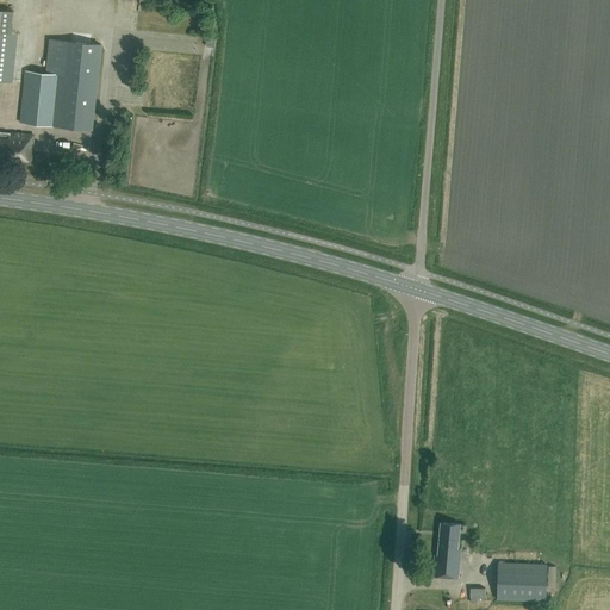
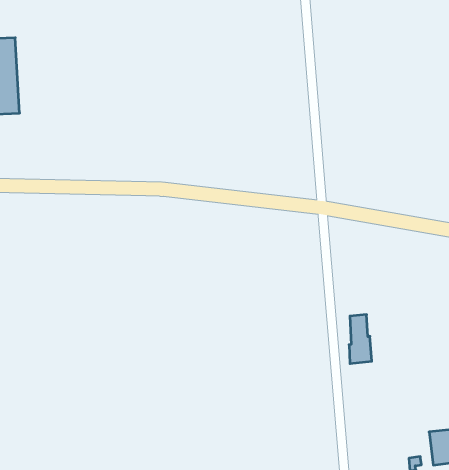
building: [431,523,459,578] -> [349,315,372,364]

